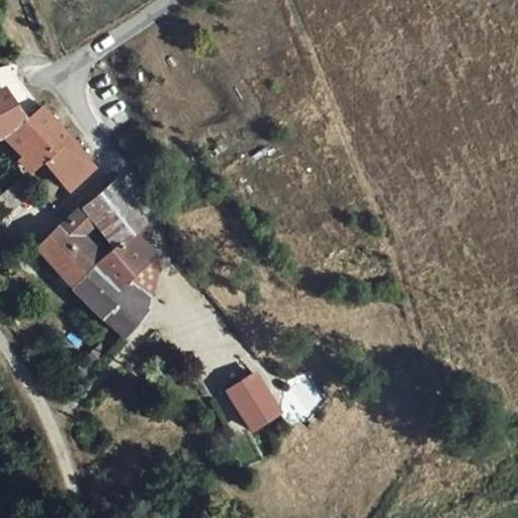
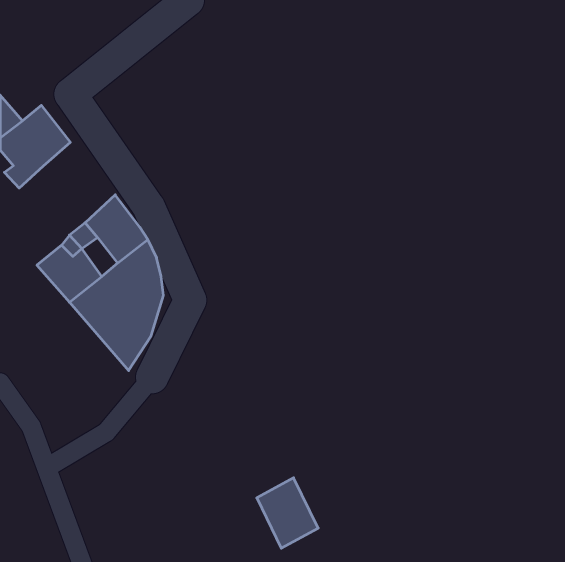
building: [46,138,91,190] -> none
building: [223,366,278,430] -> [257,478,318,548]

